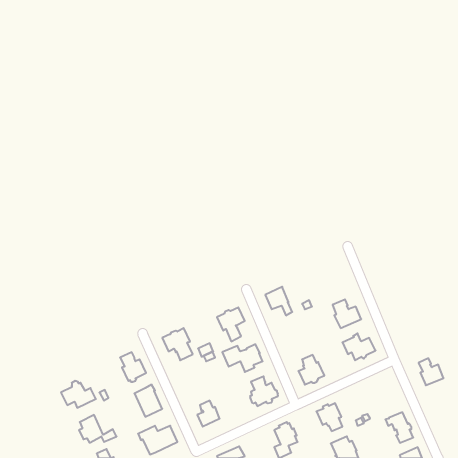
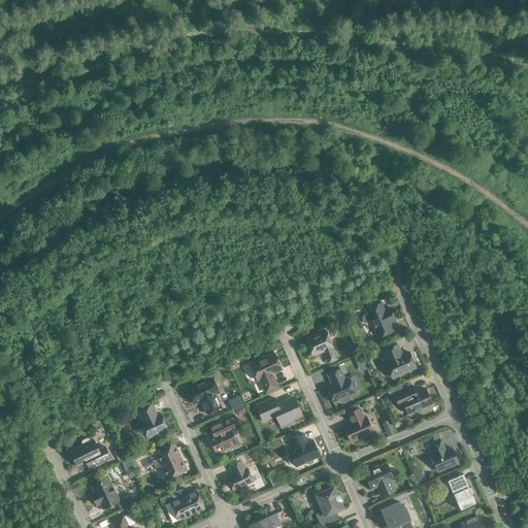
building: none -> [362,303,395,338]
building: none -> [326,369,356,403]
building: [419,358,444,385] -> [429,440,458,471]
building: none -> [209,416,239,454]

